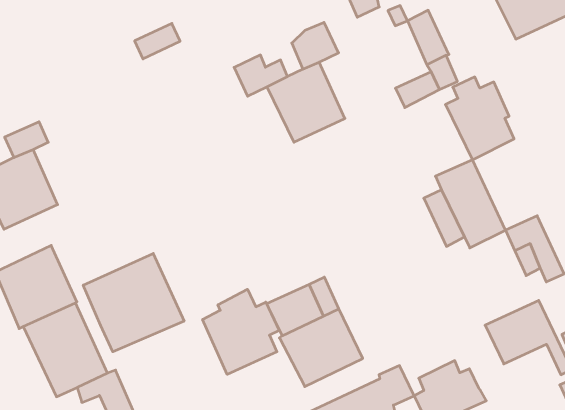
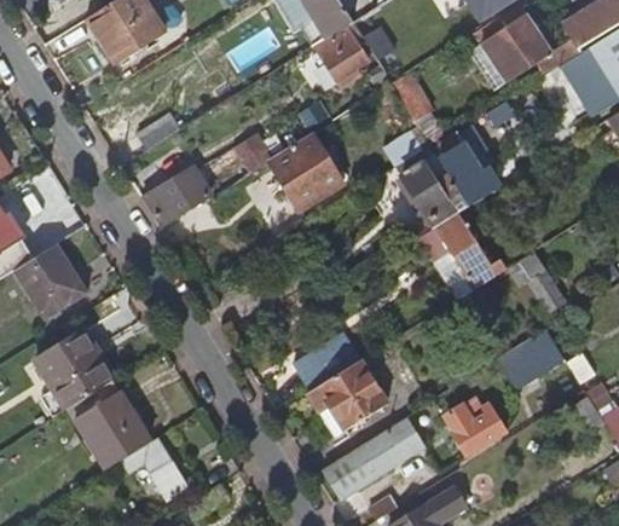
building: none -> [141,164,210,227]
building: none -> [401,152,467,225]
building: [83,253,184,352] -> none
building: [203,289,279,374] -> none

